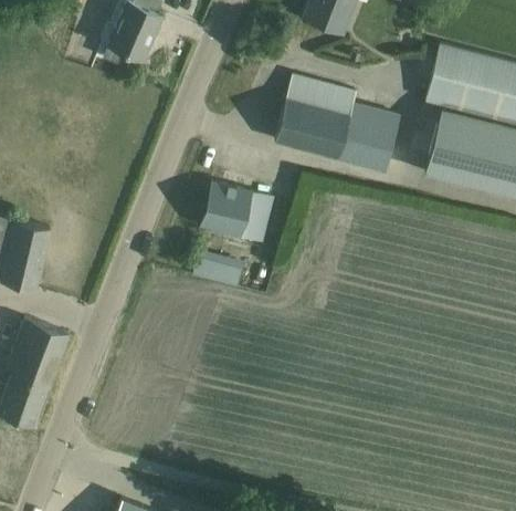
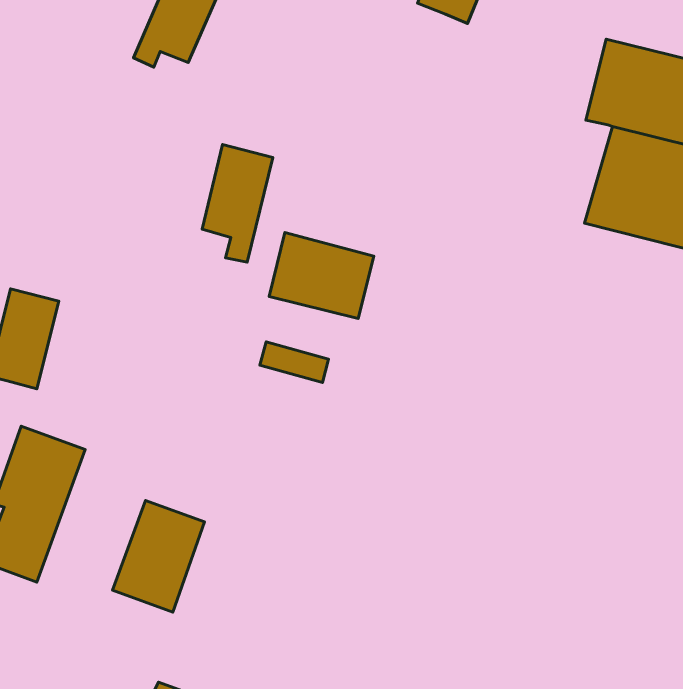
building: [274,75,401,171] -> none
building: none -> [202,145,273,262]
building: none -> [113,500,204,612]

